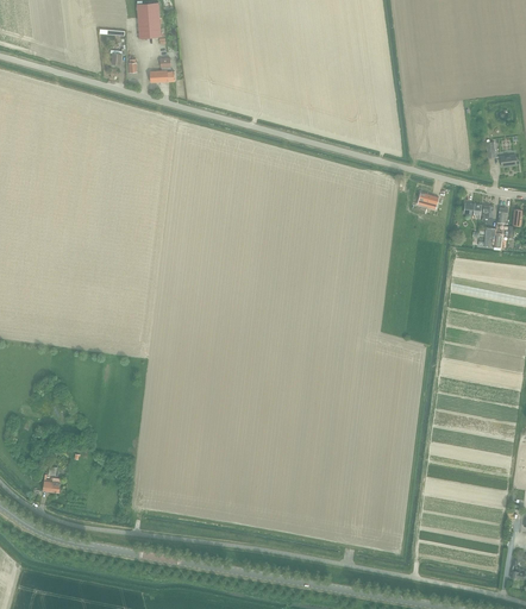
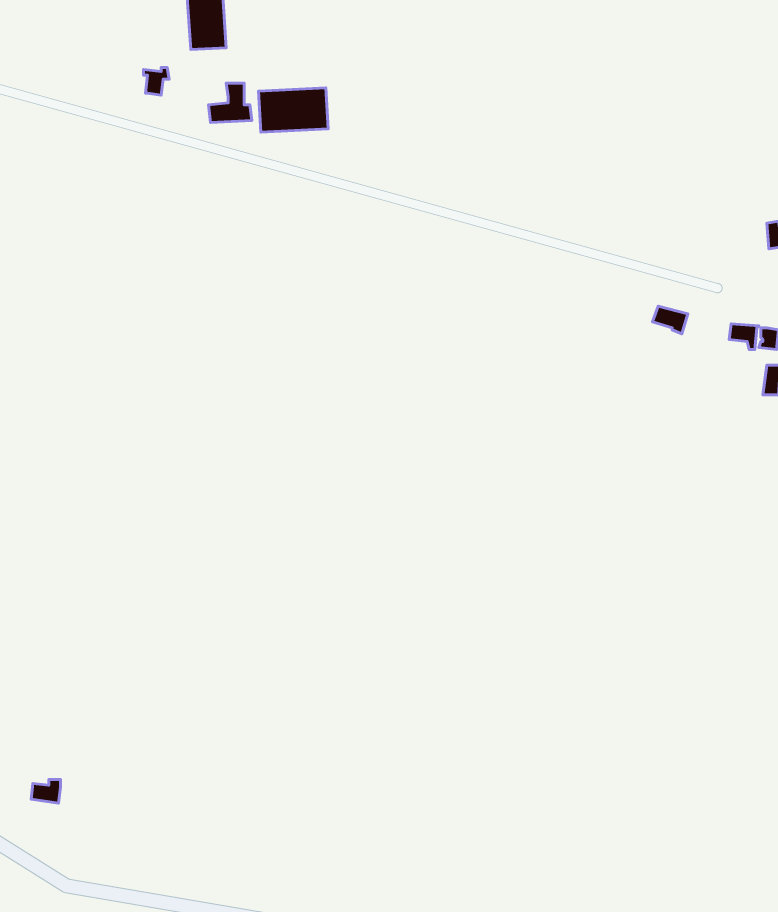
building: none -> [258,88,328,132]

